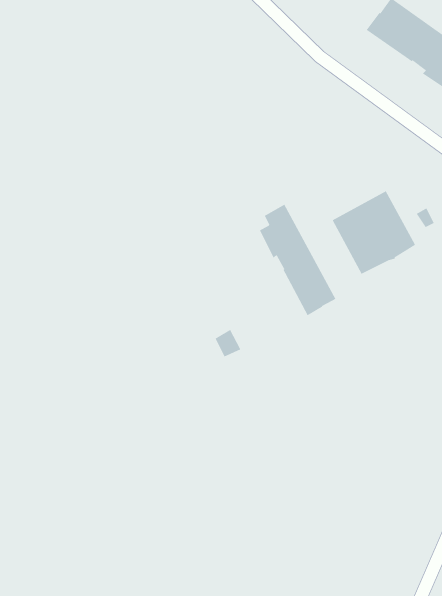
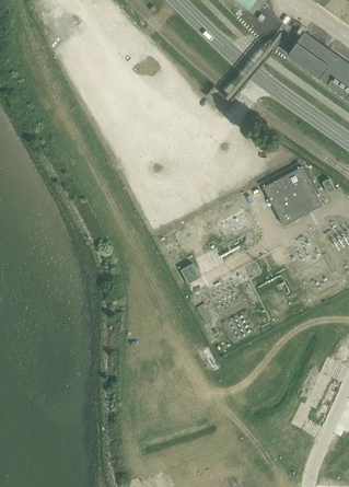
building: [259,204,336,316] -> none

